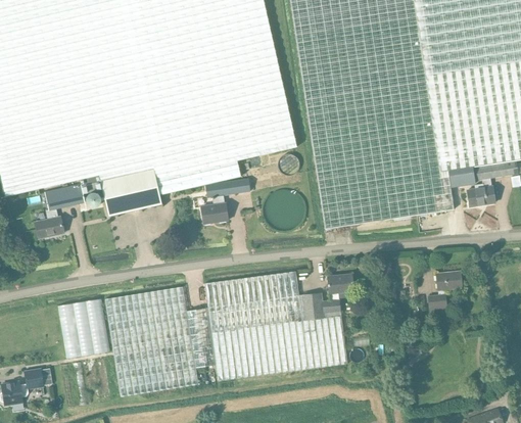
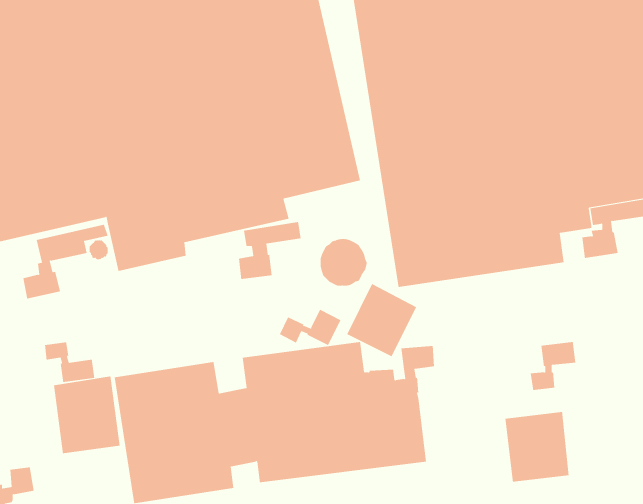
building: none -> [346,283,417,357]
building: none -> [279,309,341,346]
building: none -> [45,342,95,383]
building: none -> [505,411,569,483]

